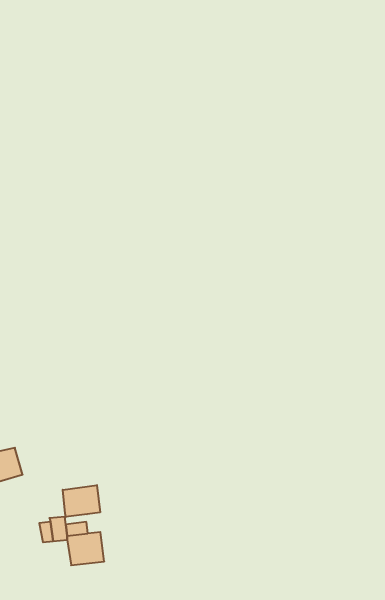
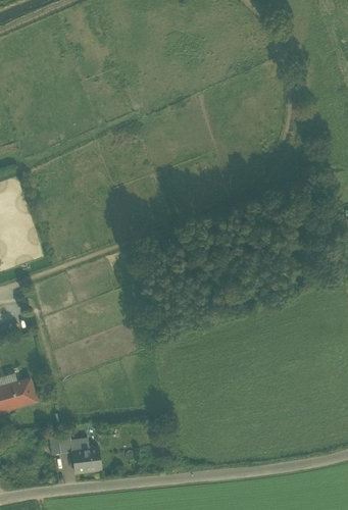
building: [63,485,100,517] -> none

